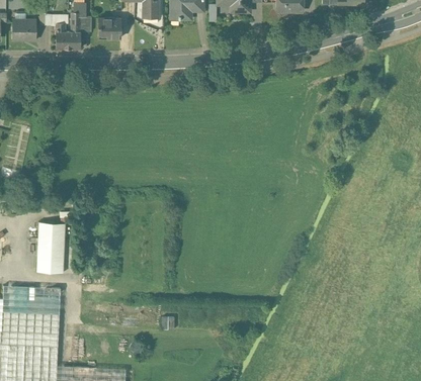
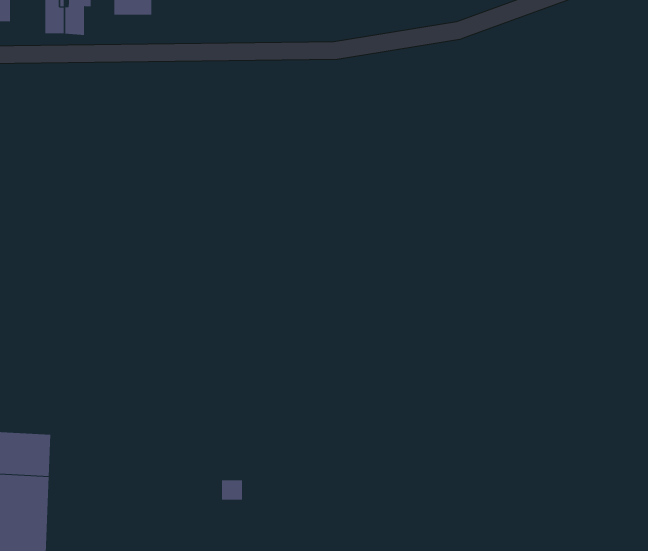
building: [36,222,65,273] -> none

